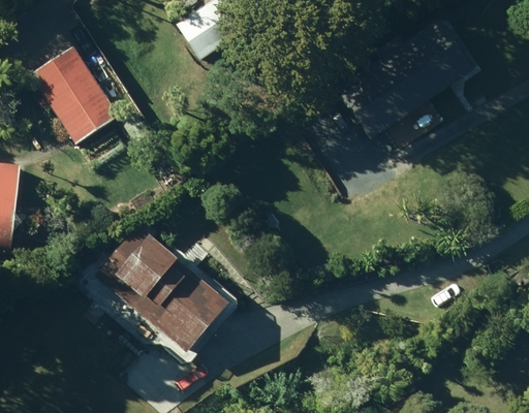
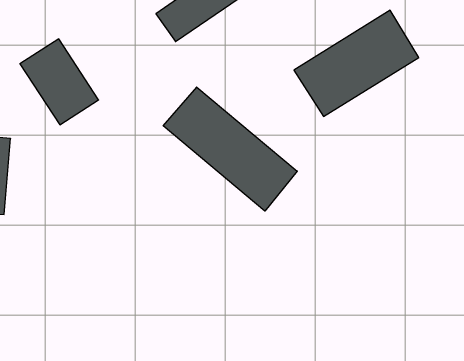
building: none -> [163,87,297,211]
building: [94,224,227,349] -> none

